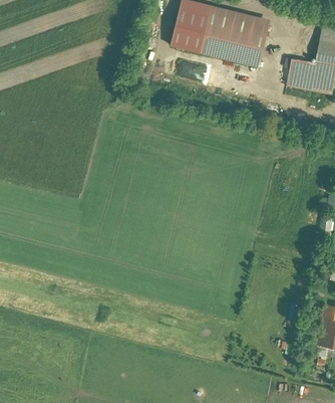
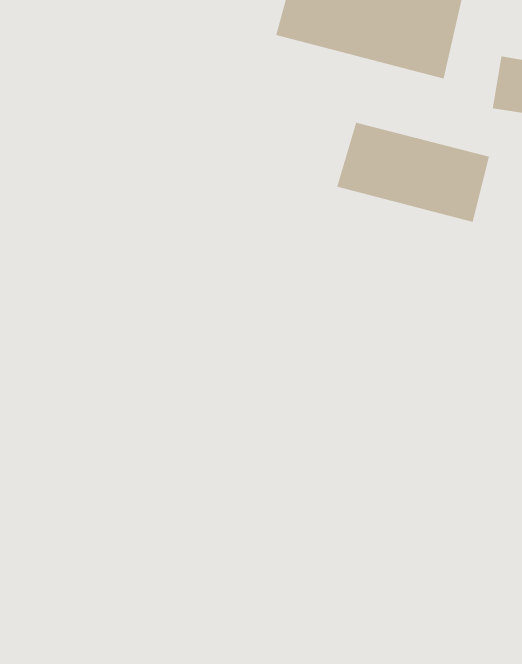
building: none -> [336,122,490,223]

